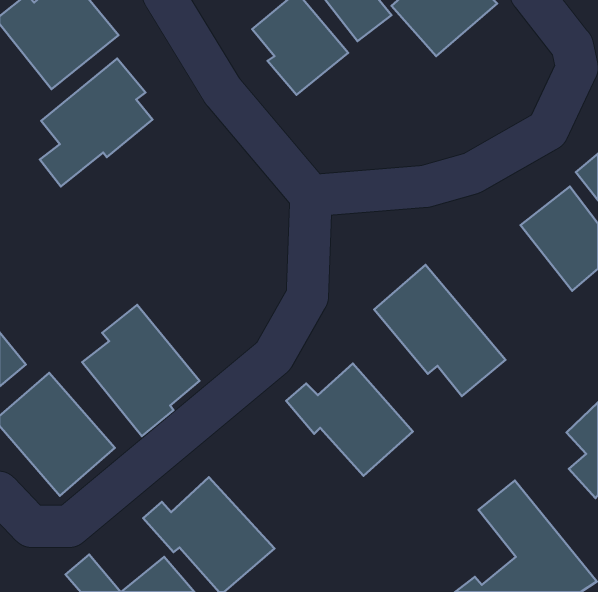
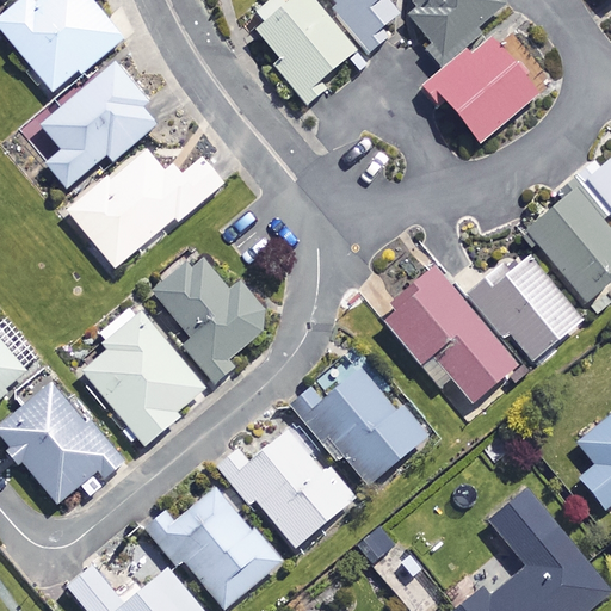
building: none -> [426,38,538,143]
building: none -> [69,149,223,269]
building: none -> [152,252,276,374]
building: none -> [469,259,580,363]
building: none -> [215,430,358,547]

